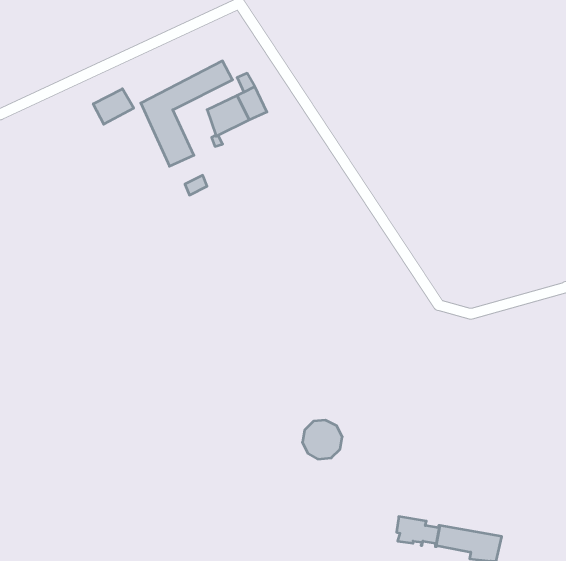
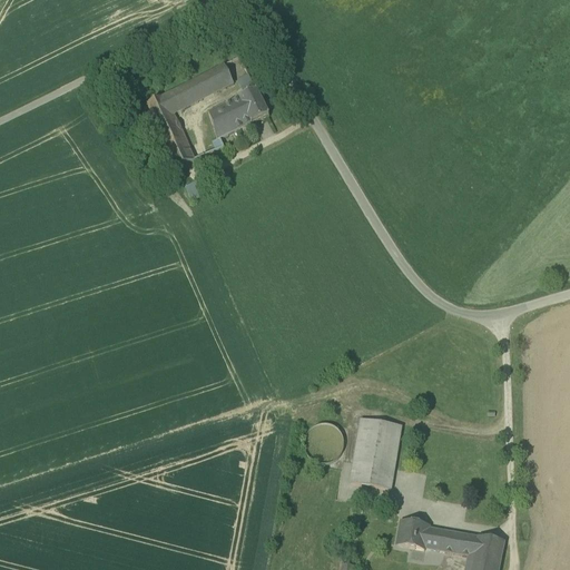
building: [93,89,134,124] -> none
building: none -> [350,417,402,488]

